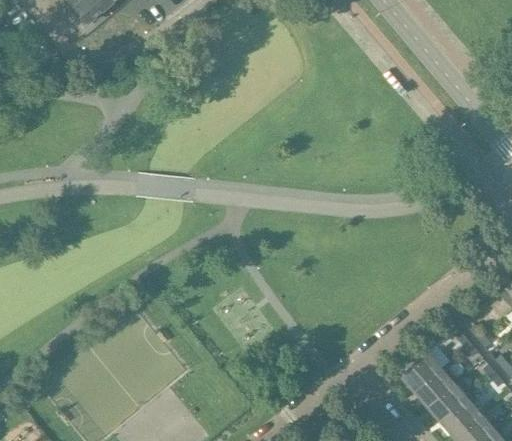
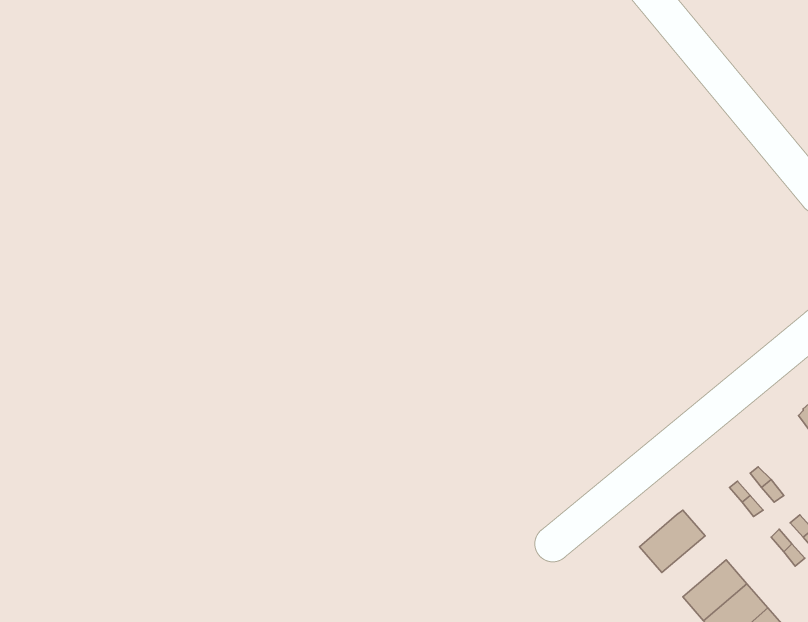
building: [415,368,455,406] -> none

